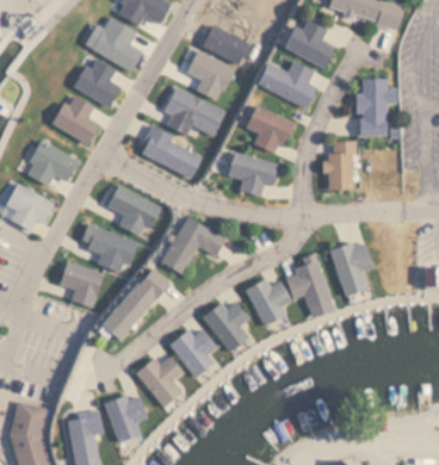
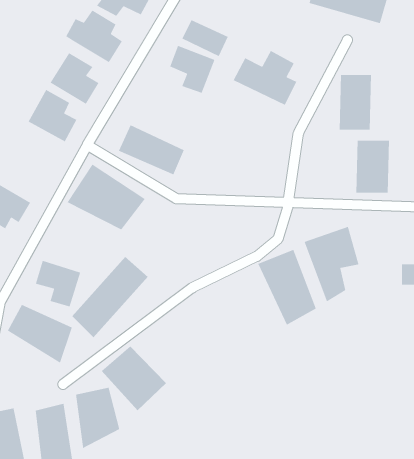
building: [278,20,342,73] -> none
building: [167,86,231,137] -> none
building: [245,99,292,148] -> none
building: [327,138,360,191] -> [356,140,390,194]
building: [32,140,82,185] -> none
building: [221,149,279,200] -> none
building: [155,212,220,273] -> none
building: [73,215,137,273] -> [7,304,73,364]
building: [239,268,293,327] -> none
building: [198,293,253,353] -> none
building: [163,321,221,376] -> none

